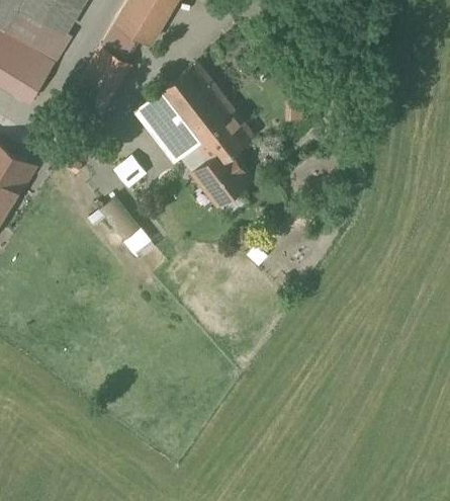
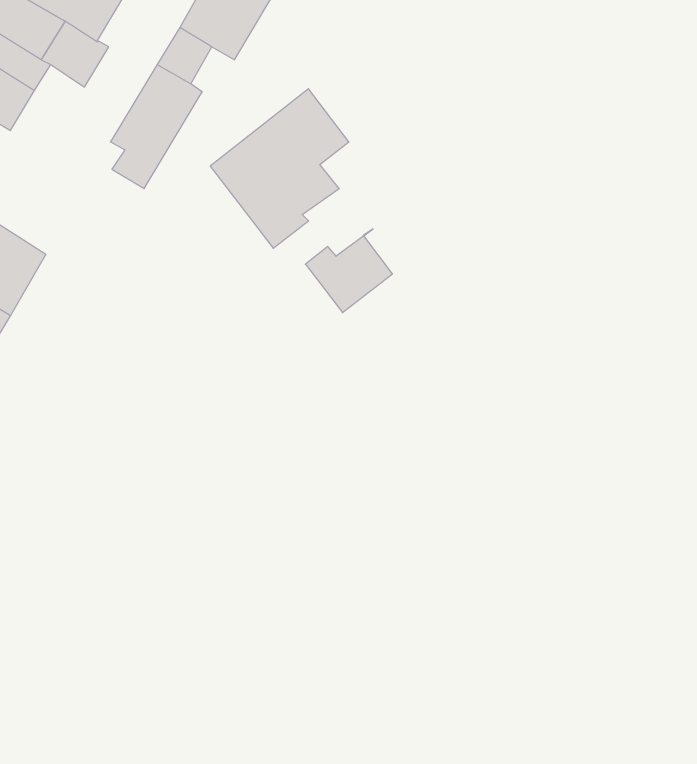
building: [10,48,57,103] -> none
building: [193,96,255,168] -> none

